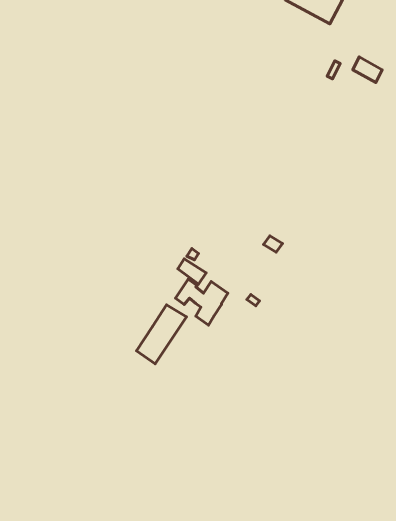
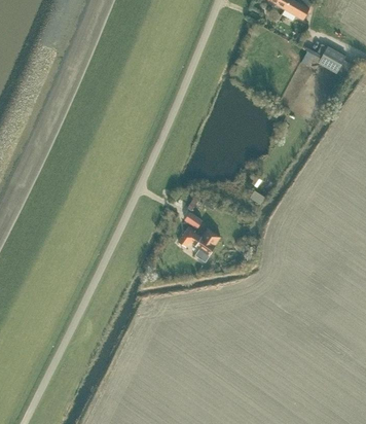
building: [137,305,186,364] -> none

